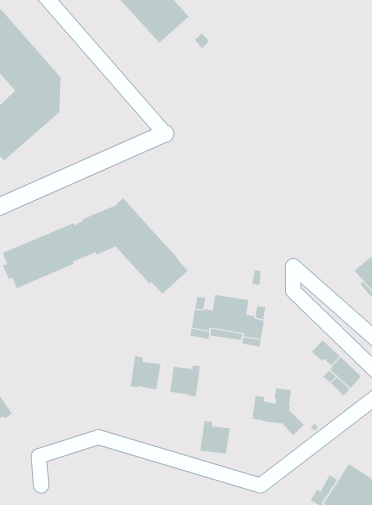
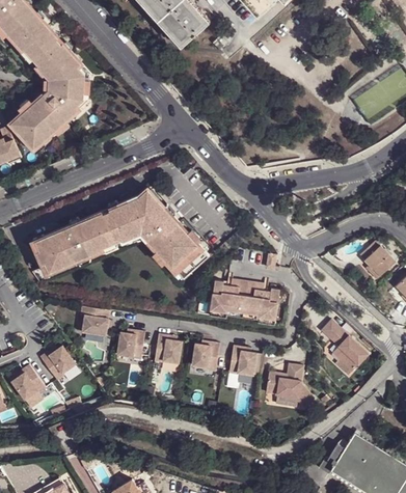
building: none -> [80,305,110,336]
building: none -> [115,330,144,360]
building: none -> [39,345,75,380]
building: [199,420,231,454] -> [228,346,258,377]

